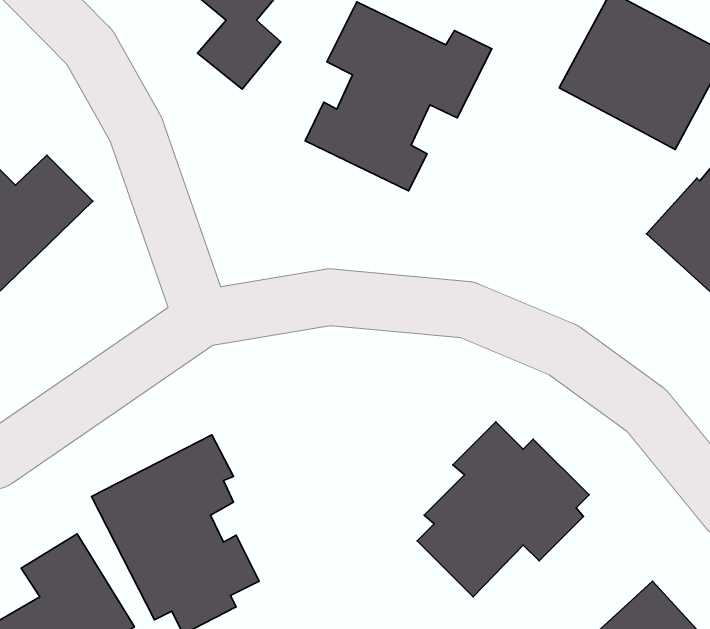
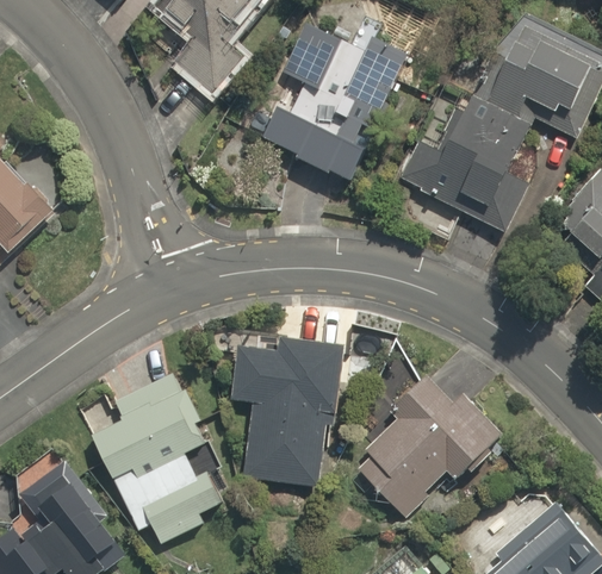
building: none -> [401,85,544,236]
building: none -> [232,331,340,485]

